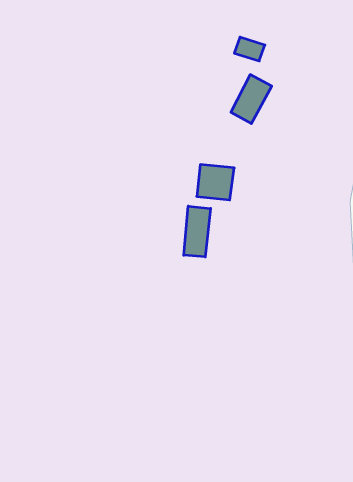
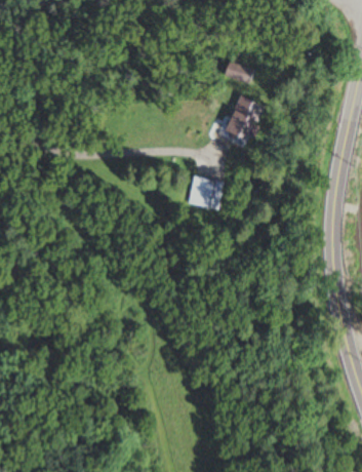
building: [184,206,211,257] -> none

